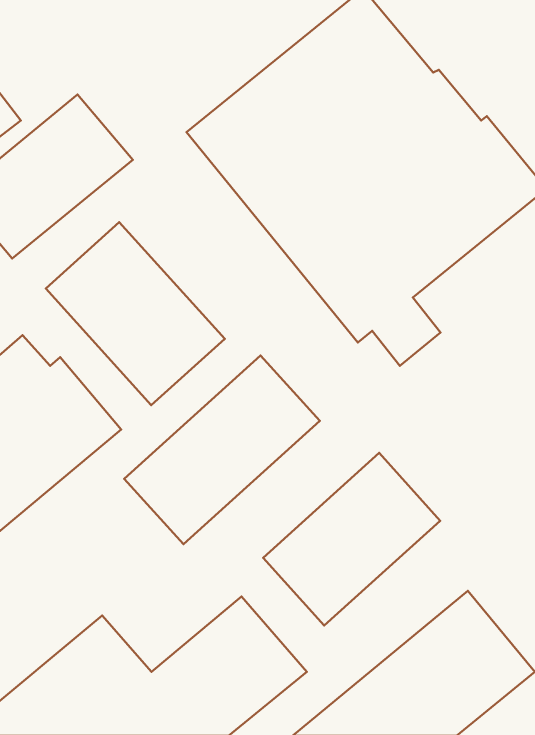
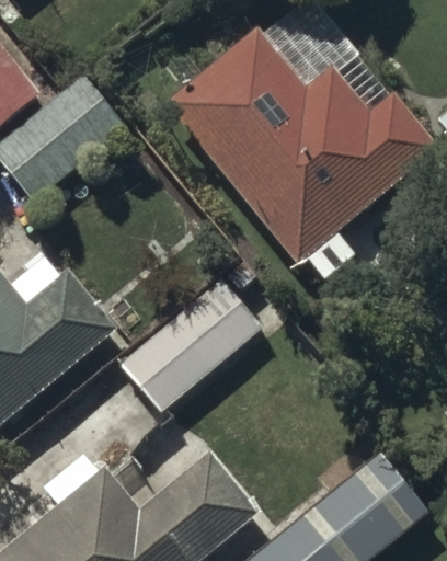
building: [46,222,225,405] -> none
building: [263,453,440,626] -> none

